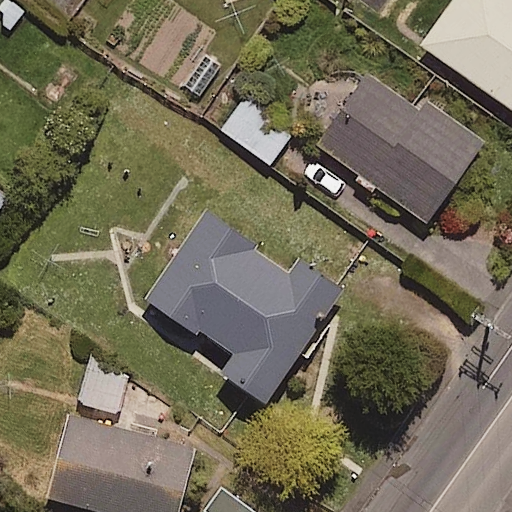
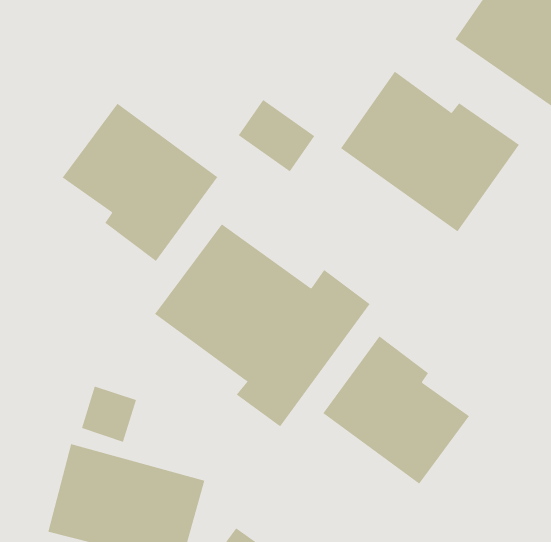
building: none -> [62,103,218,262]
building: none -> [322,336,470,485]

